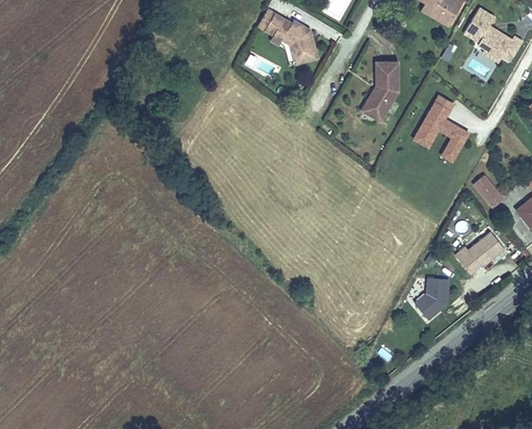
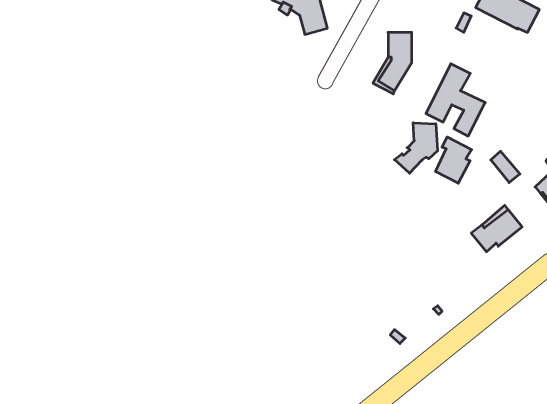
building: none -> [394,123,438,173]
building: none -> [436,137,472,183]
building: [421,276,448,315] -> none

